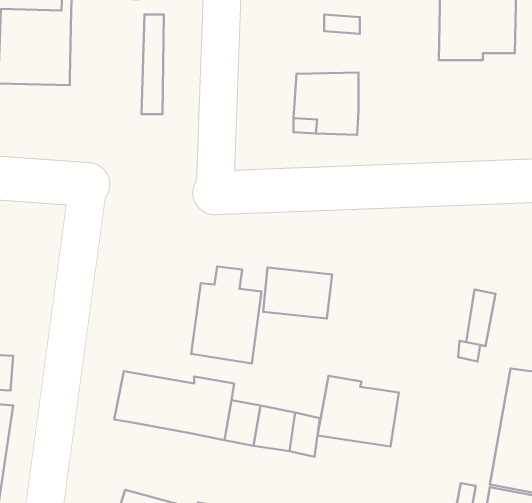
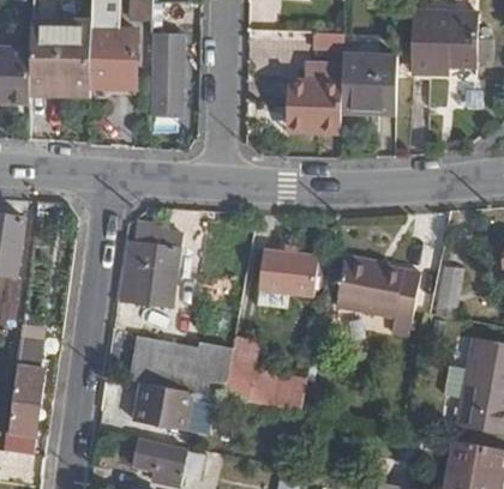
building: none -> [91,26,139,87]
building: none -> [342,54,397,115]
building: [191,267,261,363] -> [120,224,181,308]
building: [317,376,399,446] -> [337,253,408,314]
building: none -> [138,384,196,430]

